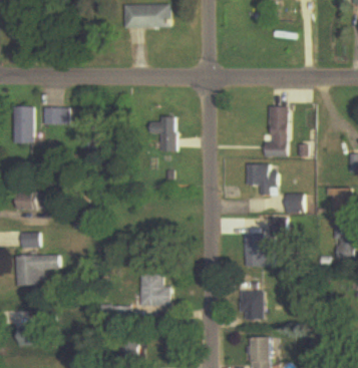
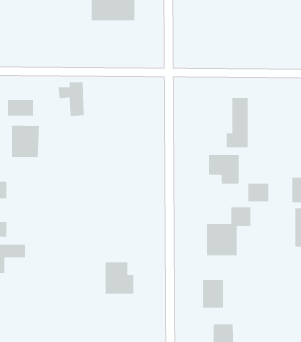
building: [147,116,174,151] -> [58,82,85,116]
building: none -> [12,125,39,158]

